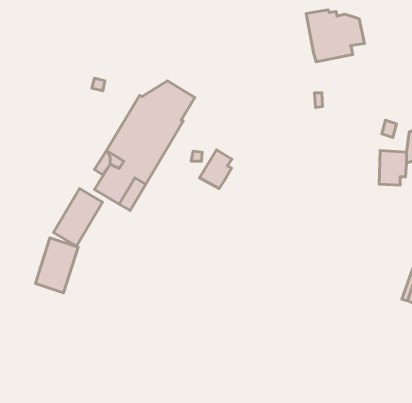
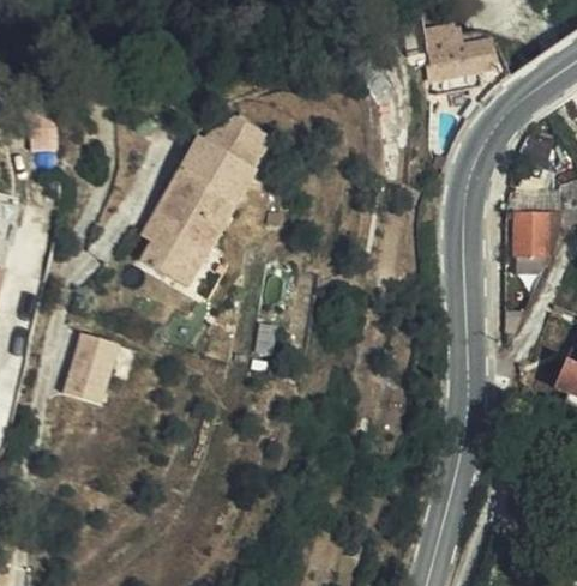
building: [200,150,232,189] -> none
building: [53,189,103,246] -> none

